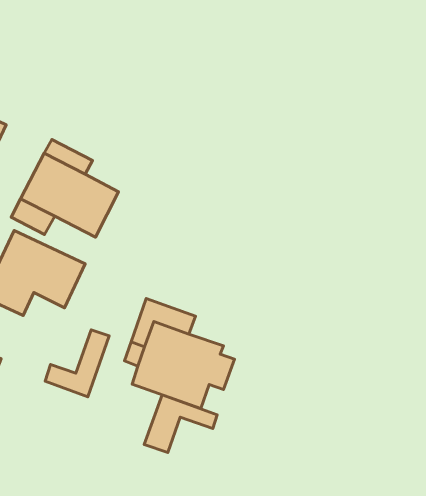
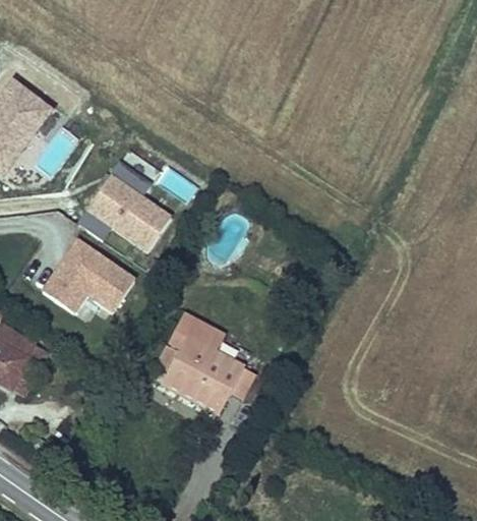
building: [45,330,109,397] -> none
building: [144,395,217,453] -> none

